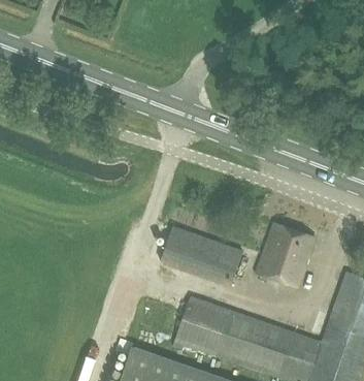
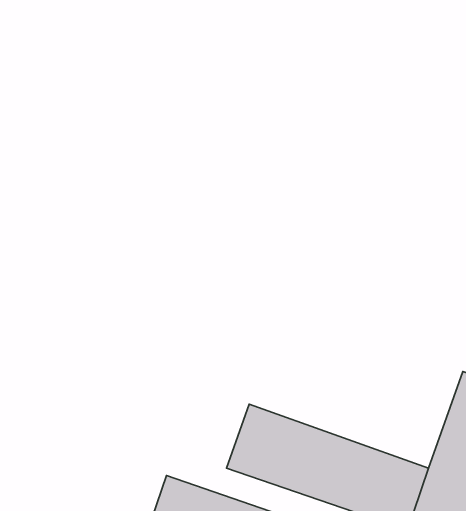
building: [256,221,313,286] -> none
building: [159,225,243,286] -> none

